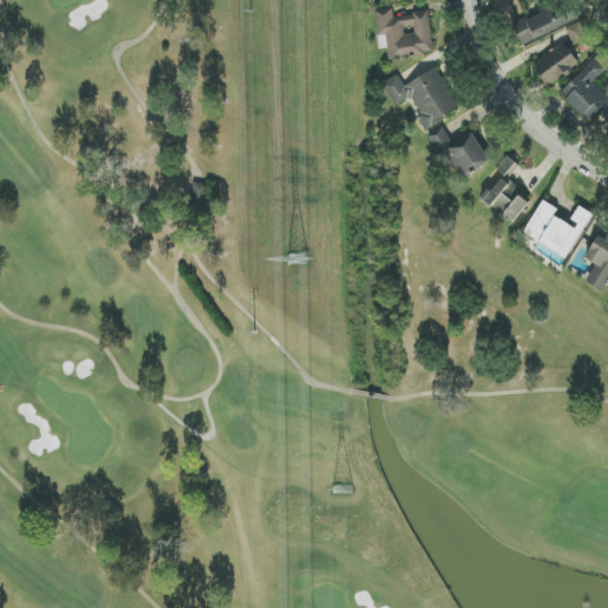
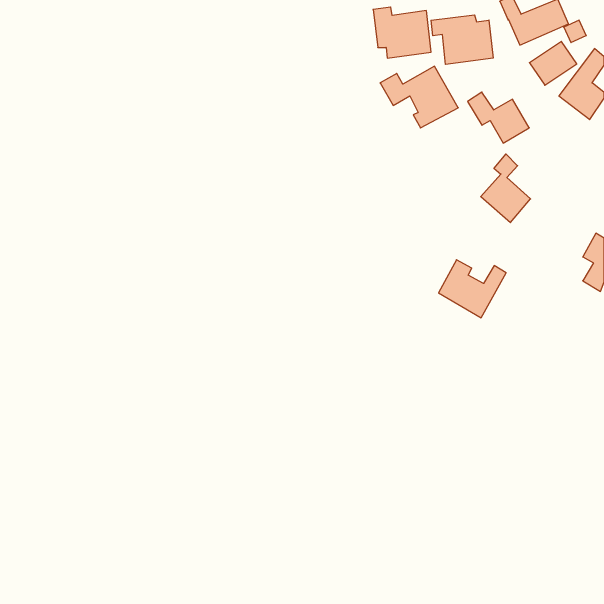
building: none -> [431,15,493,64]
building: [428,126,489,177] -> [468,92,529,143]
building: [524,200,591,258] -> [439,260,506,318]

